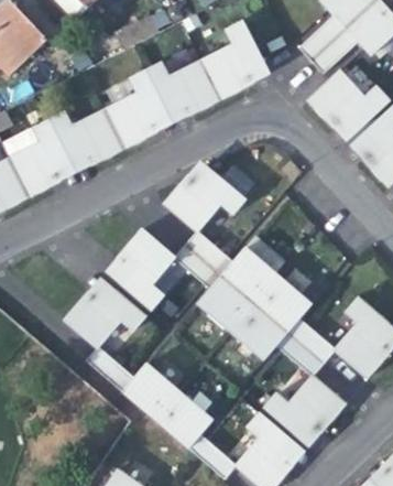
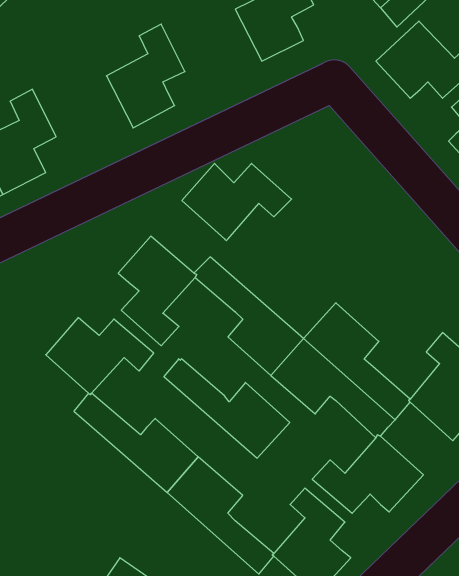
building: [150,58,225,114] -> none
building: [54,108,129,162] -> none
building: [186,229,280,303] -> [164,359,290,458]

